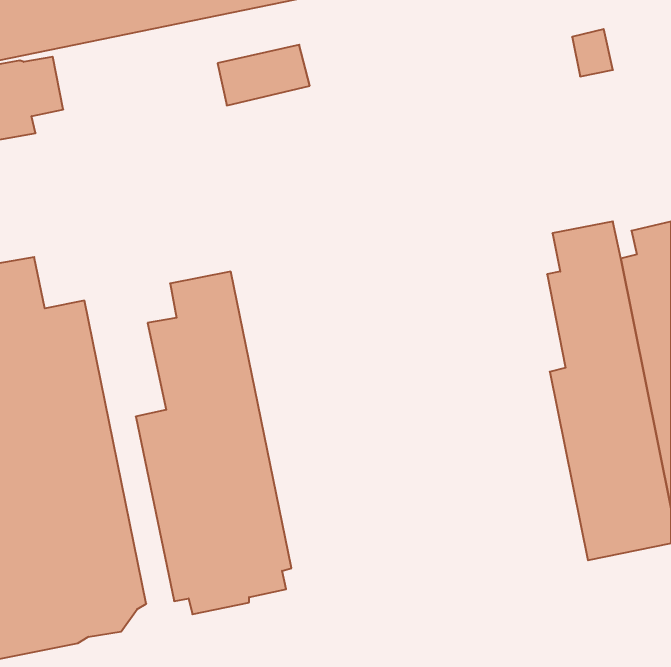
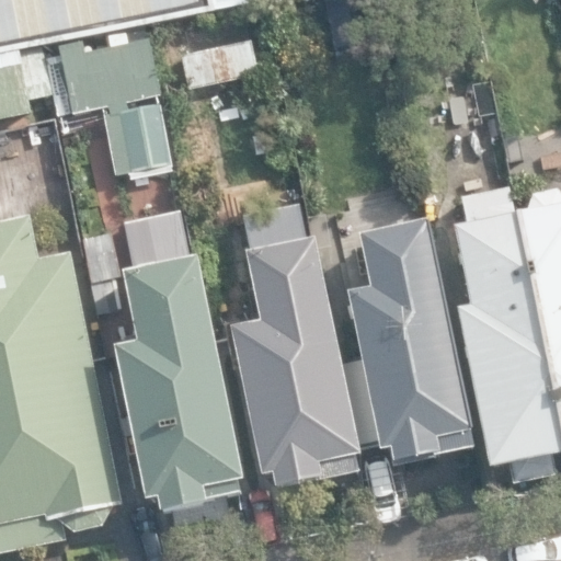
building: none -> [57,37,170,192]
building: none -> [348,220,473,461]
building: none -> [232,238,360,486]

